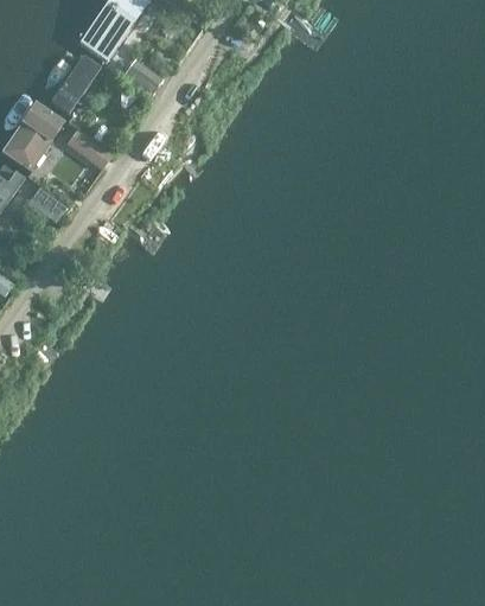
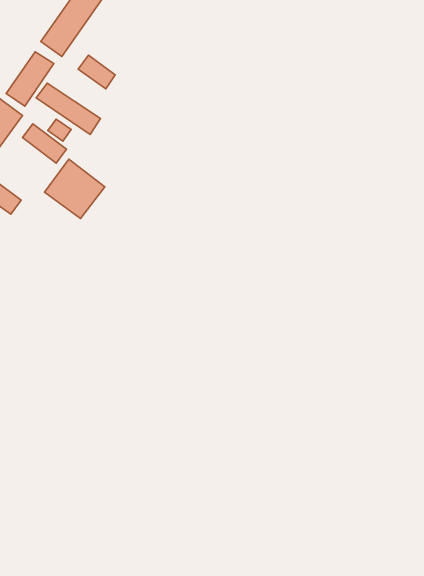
building: none -> [36,83,101,134]
building: none -> [45,159,105,218]

